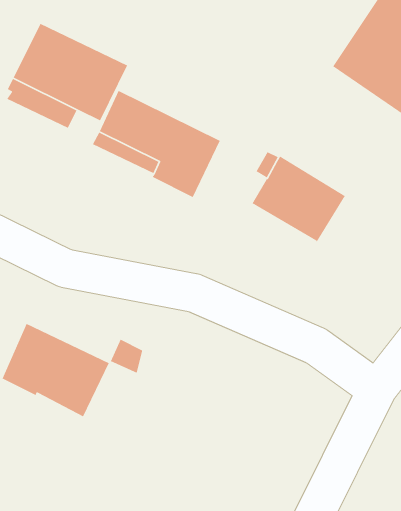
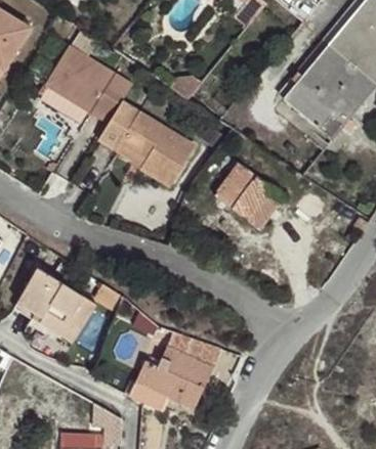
building: none -> [135,325,221,410]

